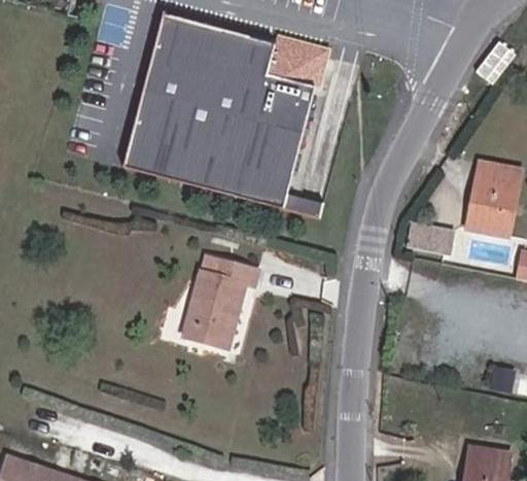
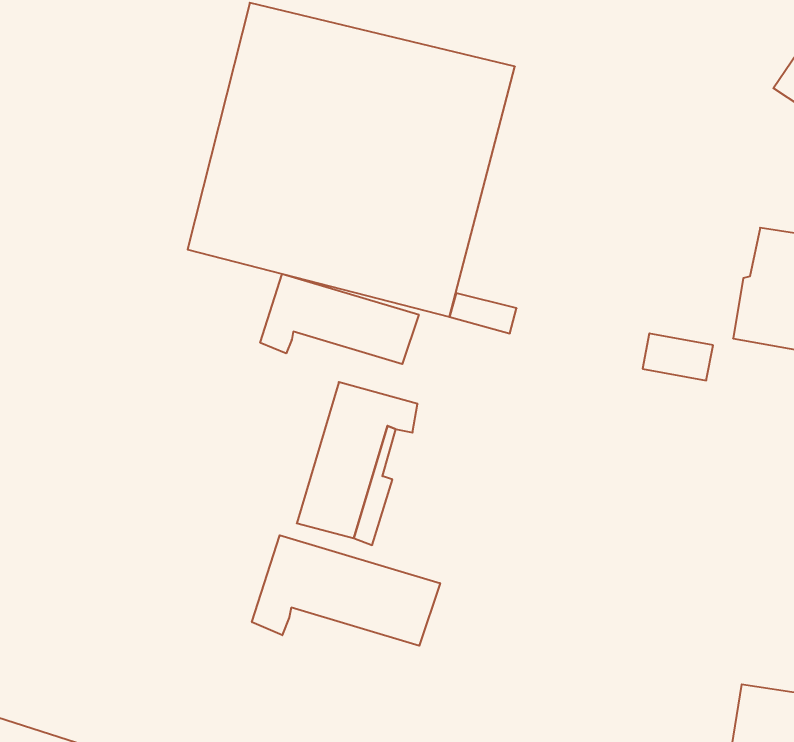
building: none -> [260,274,419,364]
building: none -> [252,535,440,646]

